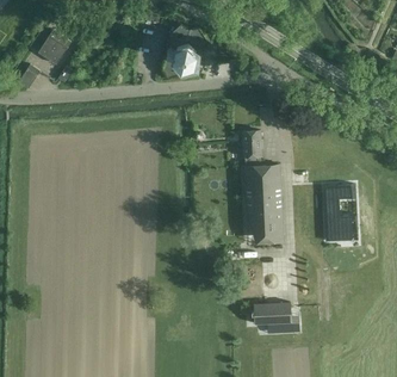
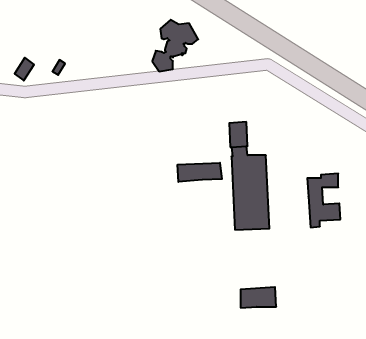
building: [38,30,72,64] -> none
building: none -> [178,163,222,182]

